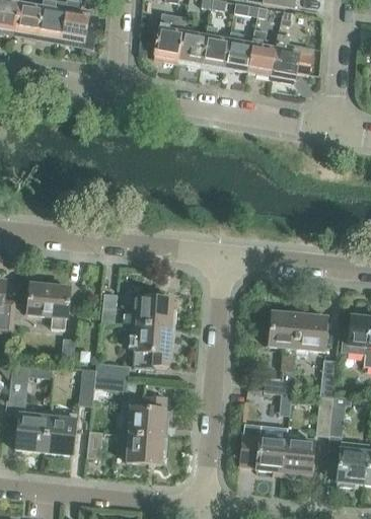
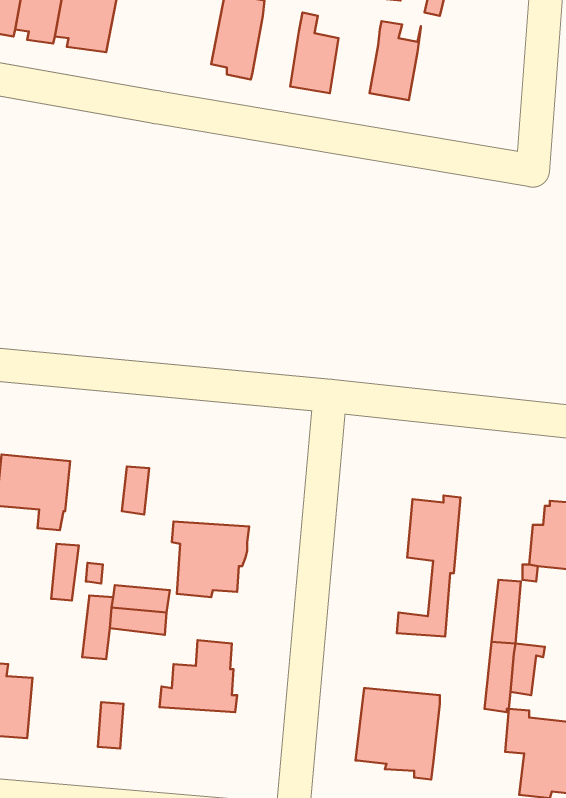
building: [178,26,206,68] -> none
building: [224,30,253,74] -> none
building: [270,33,312,83] -> none
building: [132,296,177,327] -> none
building: [297,310,328,357] -> none
building: [46,412,77,455] -> none
building: [284,432,316,478] -> none
building: [123,434,168,464] -> none

